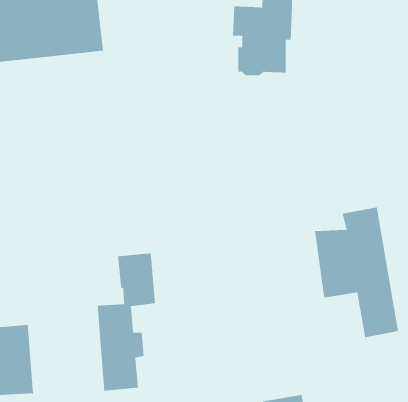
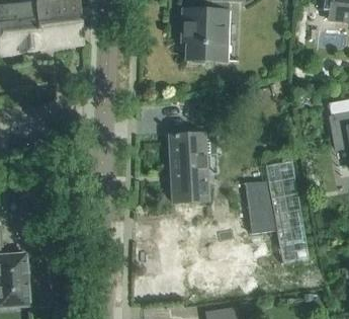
building: none -> [170,134,208,202]
building: [97,252,156,392] -> none

